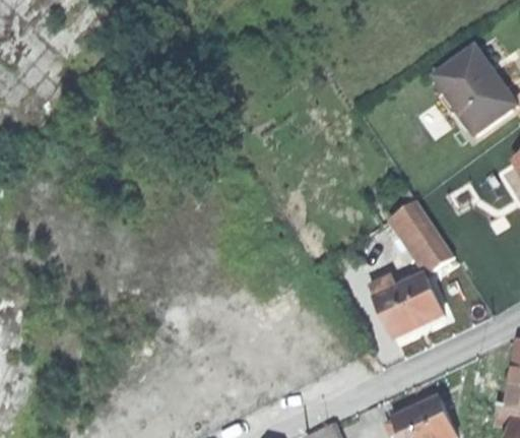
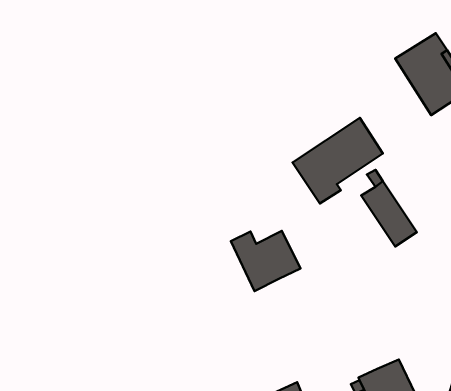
building: none -> [293,118,383,203]
building: [369,277,444,342] -> [231,231,301,291]

